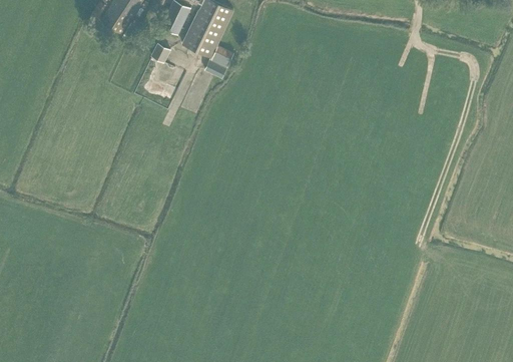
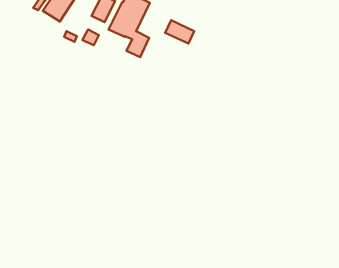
building: none -> [165,20,194,44]

